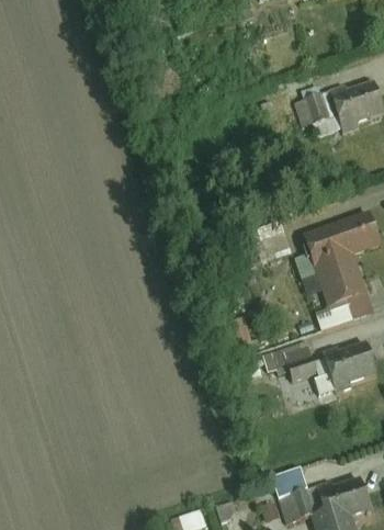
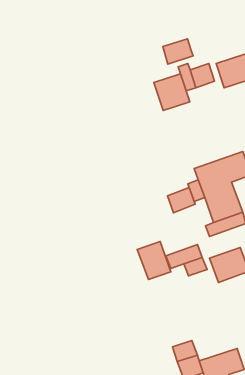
building: none -> [163,39,193,64]
building: none -> [154,74,190,111]
building: none -> [167,187,195,213]
building: none -> [137,241,171,280]

